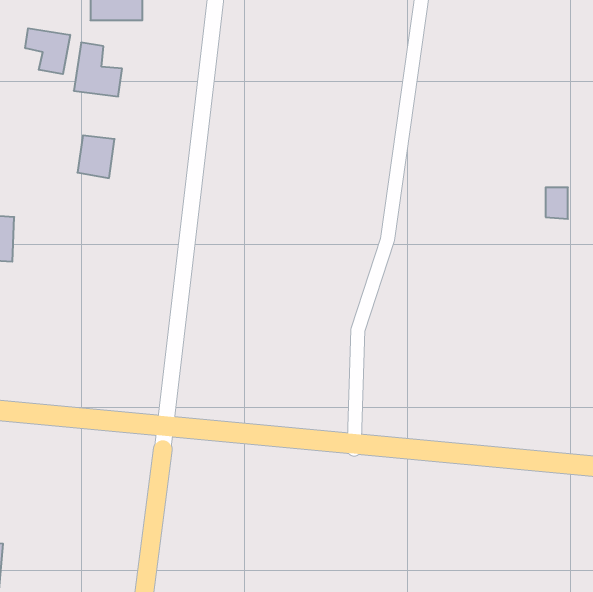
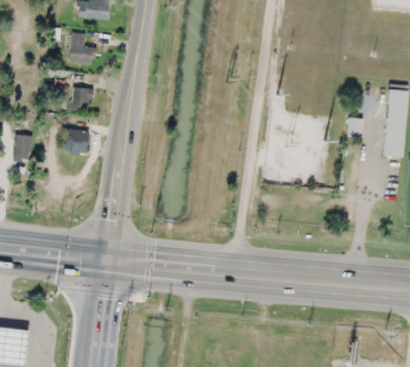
building: [25,28,70,74] -> none
building: none -> [61,128,88,155]

